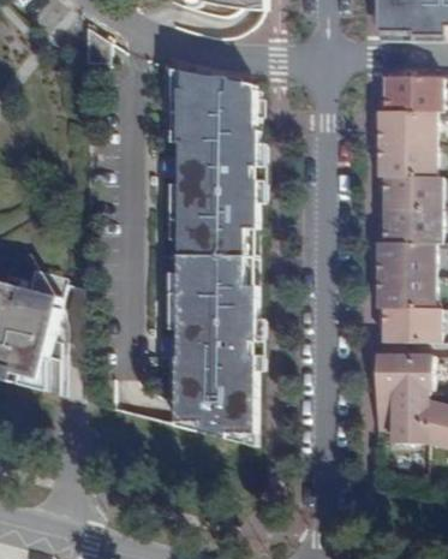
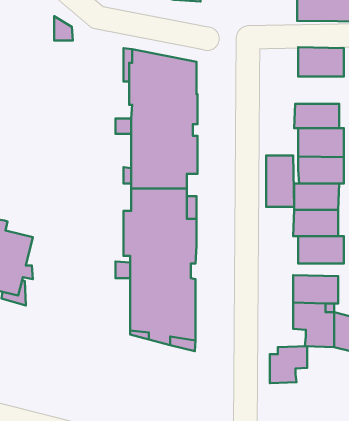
building: [380,107,434,141] -> none
building: none -> [266,156,294,207]
building: none -> [270,346,307,383]

